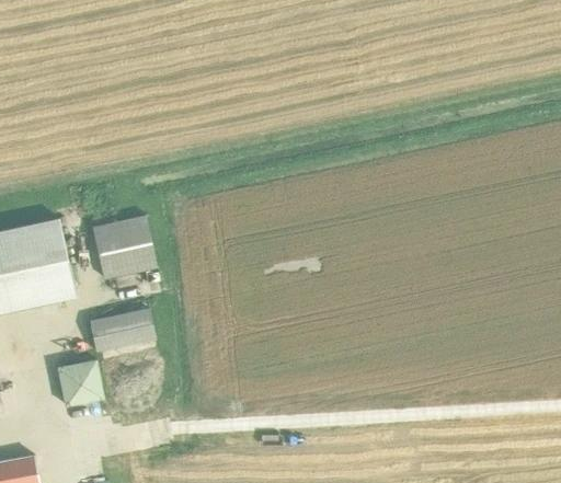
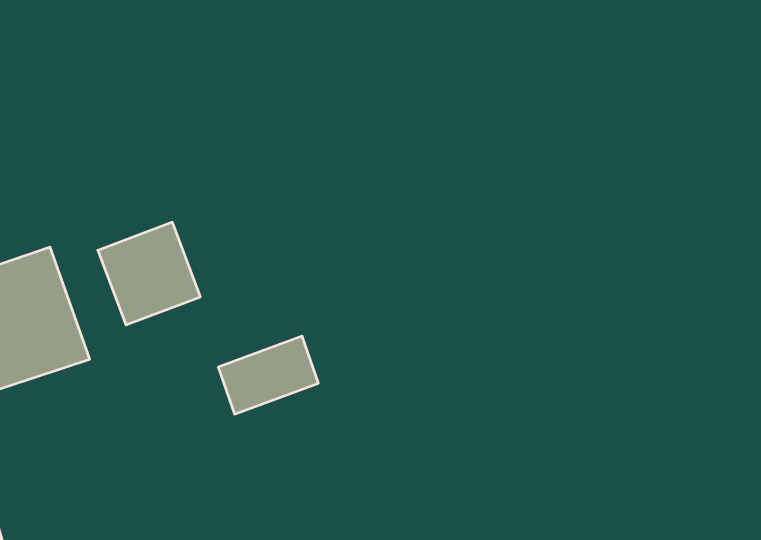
building: [90,307,156,353] -> [218,336,318,414]
building: [56,359,104,406] -> none

